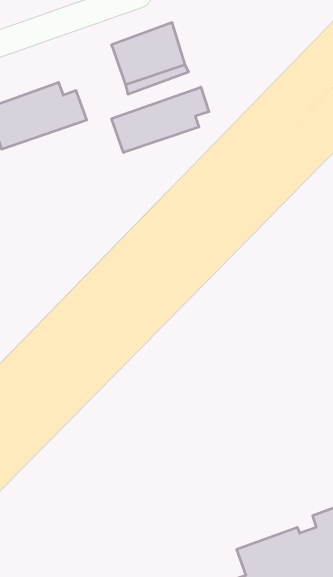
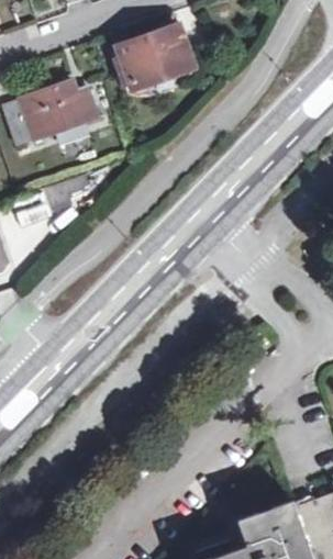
building: [112,87,209,153] -> none

